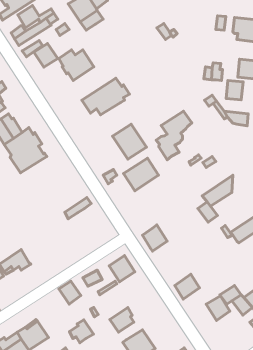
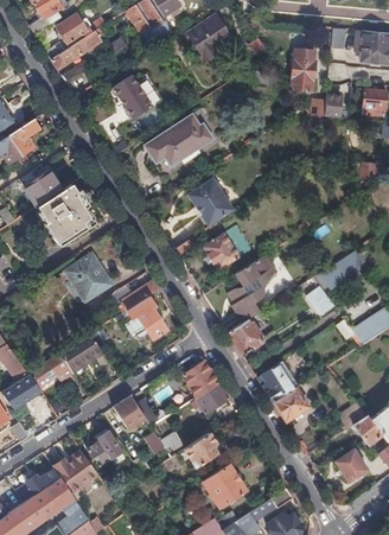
building: none -> [190,14,230,60]
building: none -> [292,49,314,90]
building: [34,44,58,67] -> none
building: [226,80,243,100] -> none
building: [156,111,192,160] -> [228,255,278,323]
building: none -> [64,253,111,301]
building: none -> [126,295,166,342]
building: none -> [60,333,102,370]
building: none -> [257,362,298,402]
building: none -> [196,383,229,414]
building: [206,296,230,320] -> [334,448,368,483]
building: [69,320,93,343] -> [88,432,121,464]

